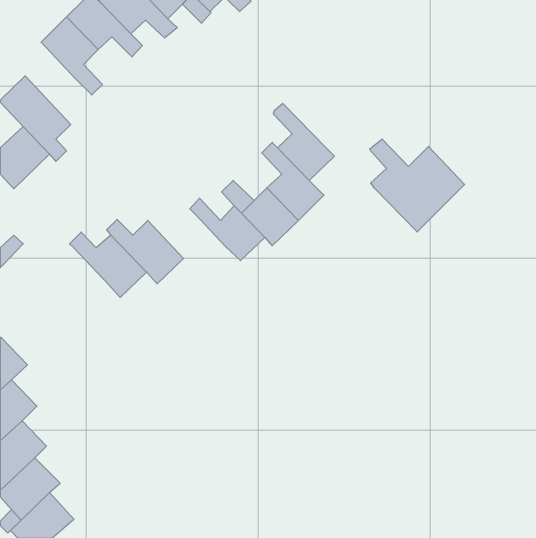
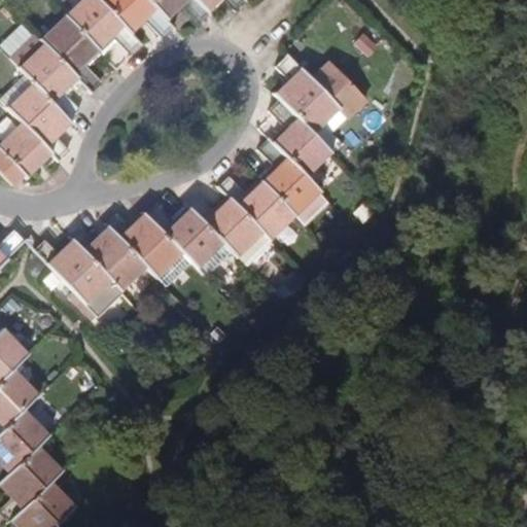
building: none -> [11,34,83,122]
building: [370,139,465,232] -> [275,54,367,144]
building: none -> [147,205,223,267]
building: none -> [36,241,119,312]

